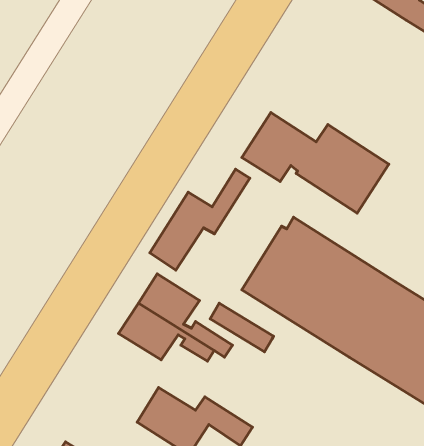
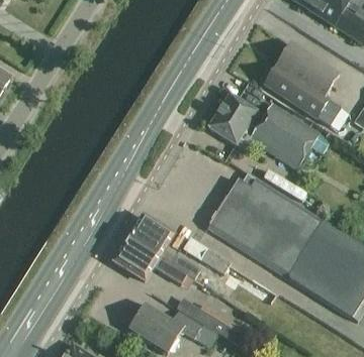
building: none -> [264,41,341,124]
building: [150,169,250,270] -> none
building: none -> [194,303,240,340]

